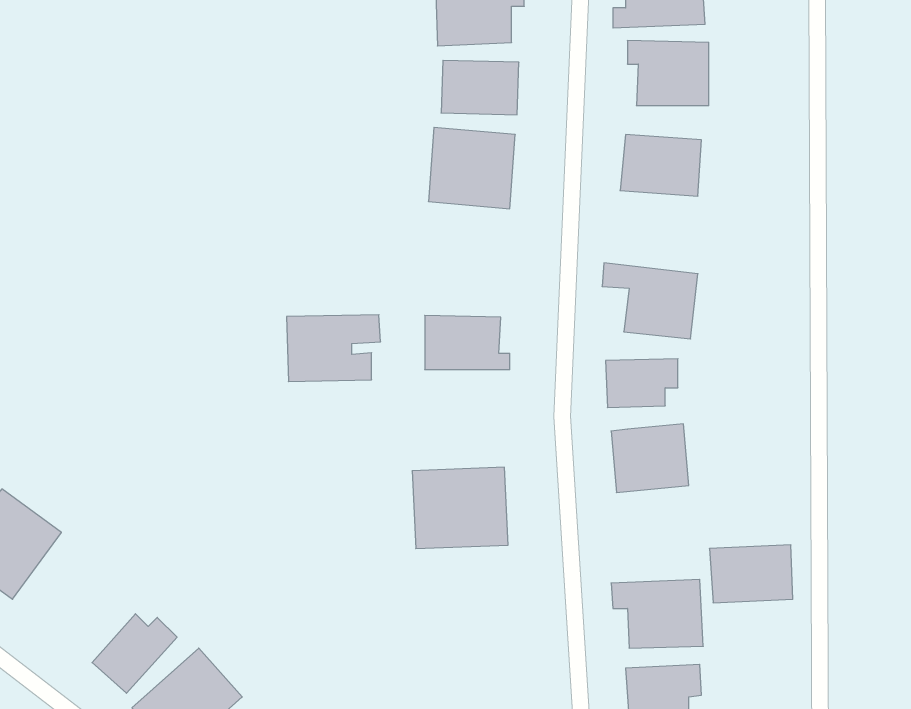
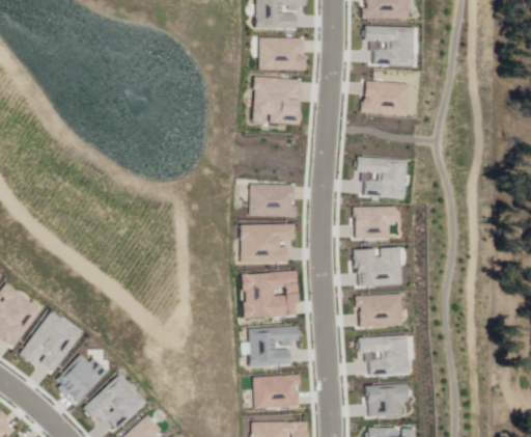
building: [287,315,381,382] -> [241,223,295,262]
building: none -> [18,311,80,371]
building: [709,545,793,603] -> [354,293,401,326]
building: none -> [249,325,300,367]
building: none -> [255,375,301,405]

